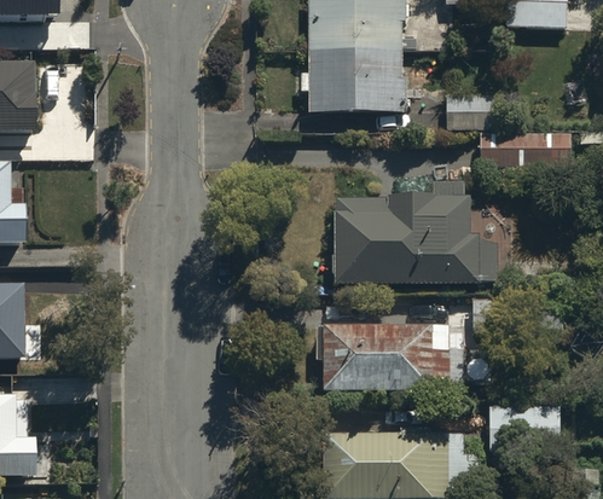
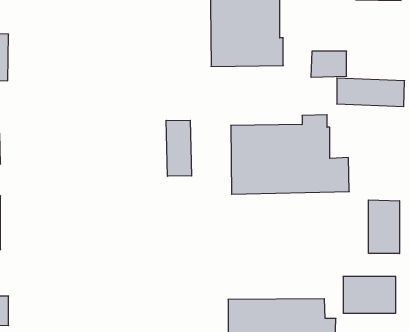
building: none -> [166,120,192,176]
building: none -> [369,200,399,254]
building: [317,329,460,391] -> none

